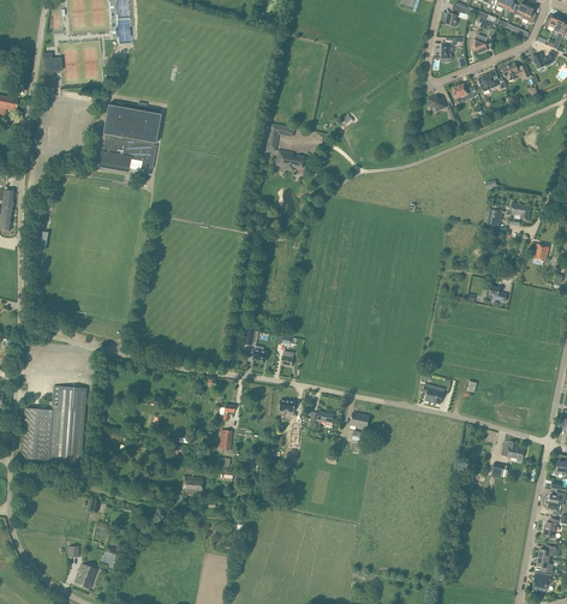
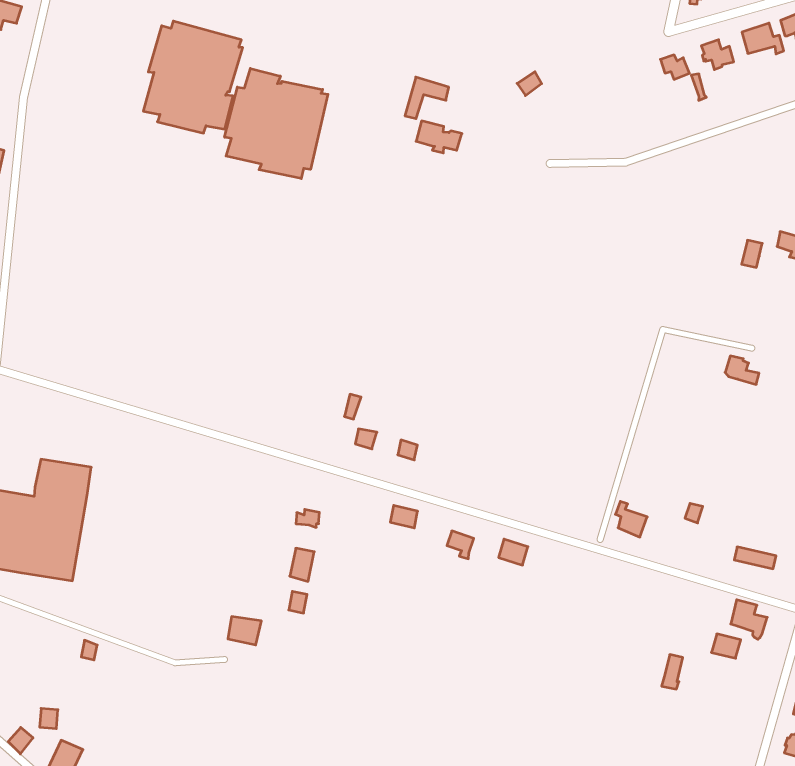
building: none -> [225,68,328,179]

